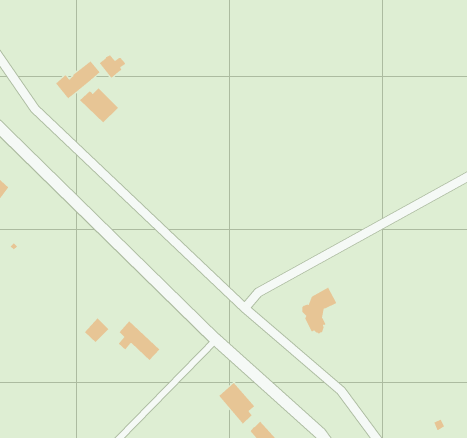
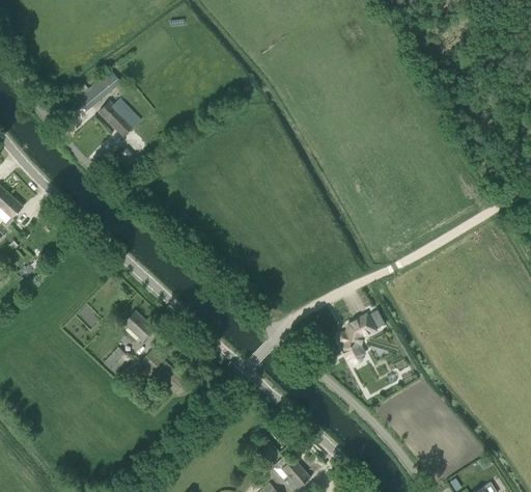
building: [99,54,125,79] -> none
building: none -> [124,311,155,340]
building: [218,382,255,425] -> none

